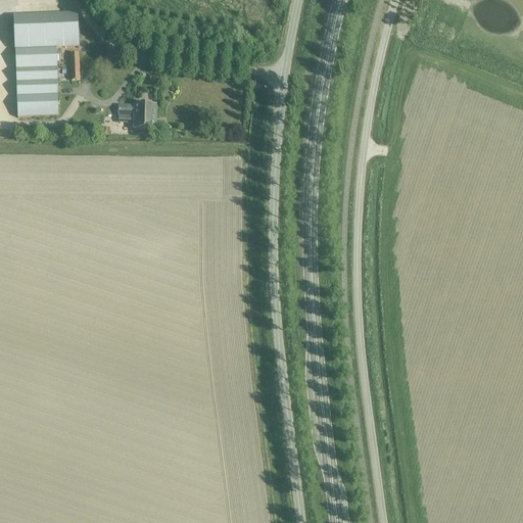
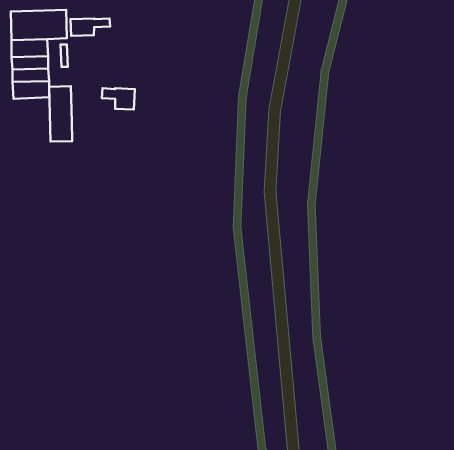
building: none -> [71,18,110,36]
building: none -> [49,86,72,142]

